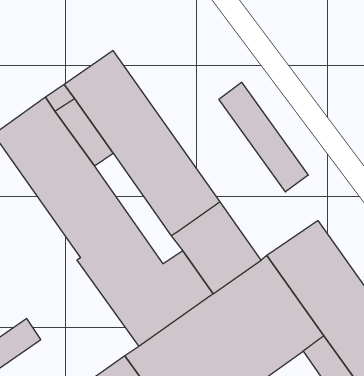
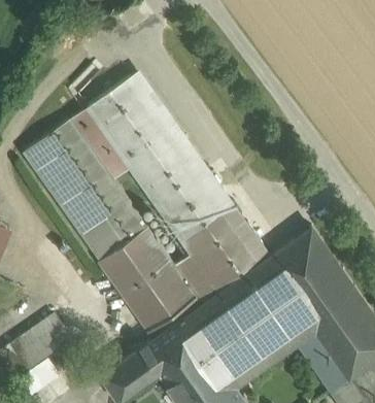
building: [219,82,308,192] -> none

